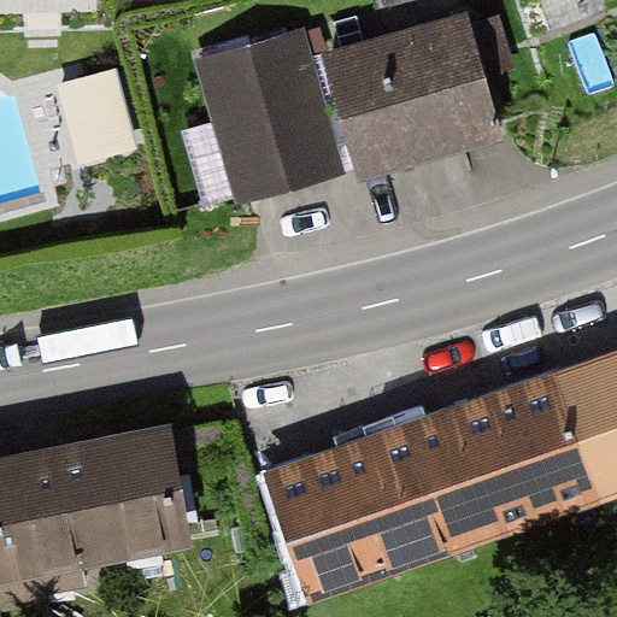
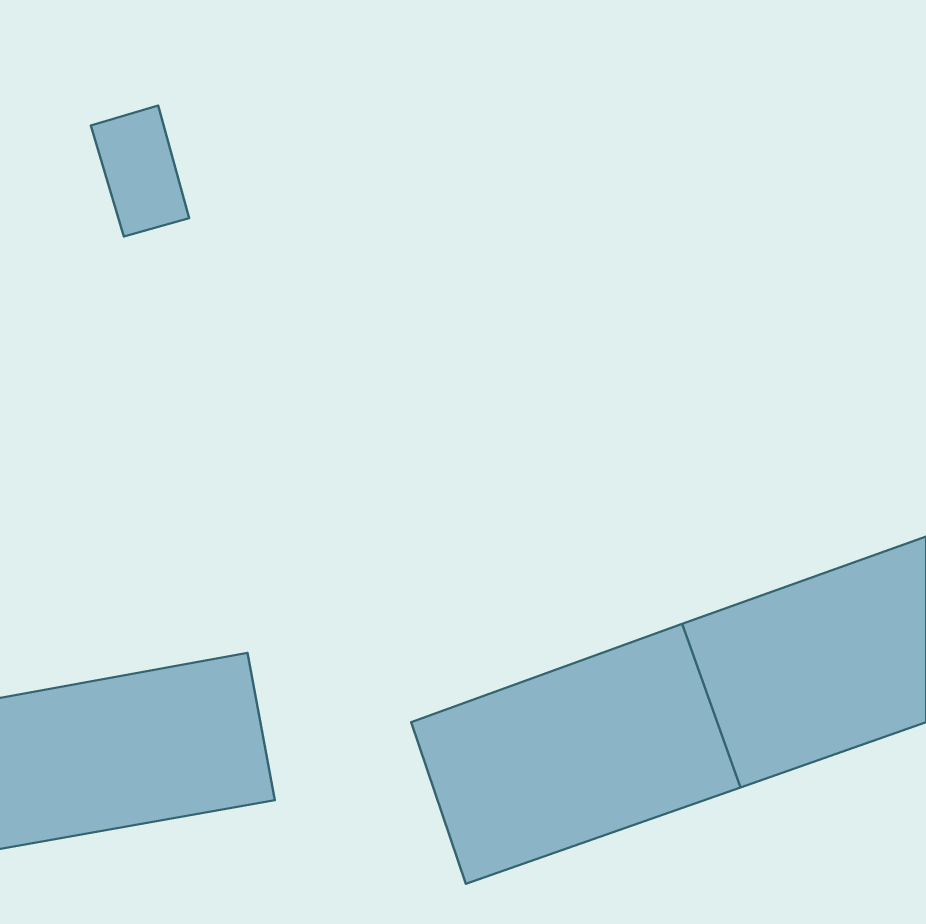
building: [323,12,510,175] -> none
building: [194,25,339,195] -> none

